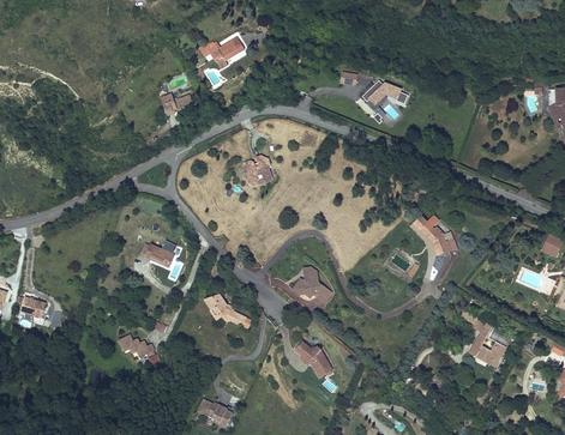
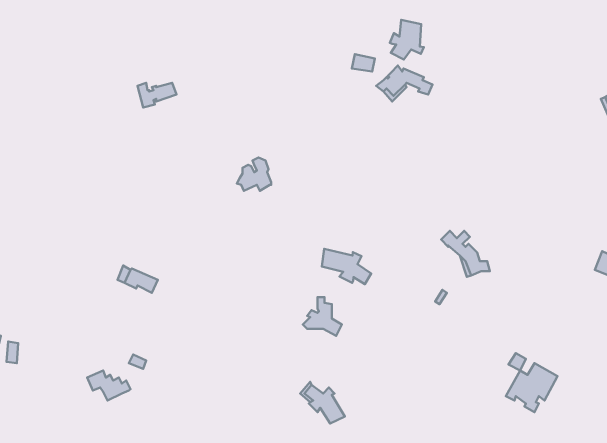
building: [204,32,248,65] -> none
building: none -> [390,20,424,60]
building: none -> [322,249,371,284]
building: [206,292,248,330] -> none

